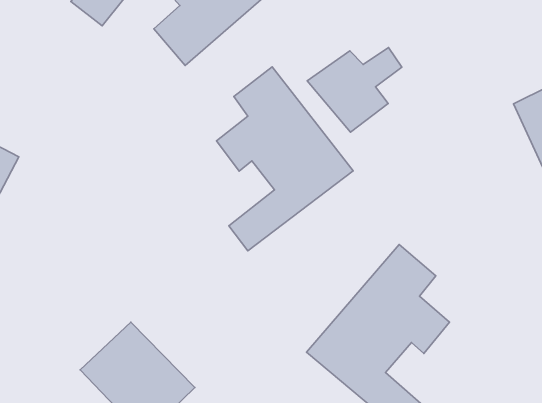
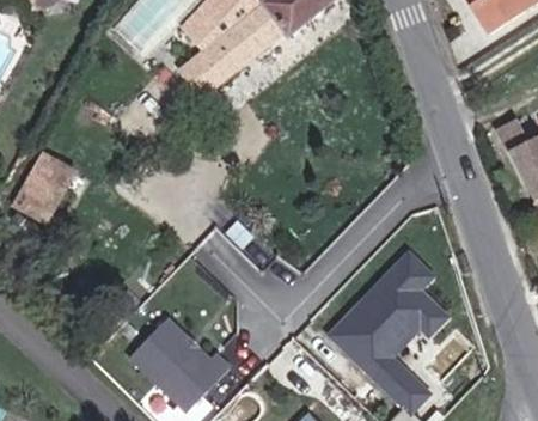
building: [307,47,402,132] -> none
building: [217,67,353,251] -> none

